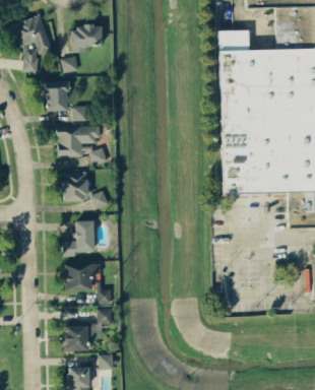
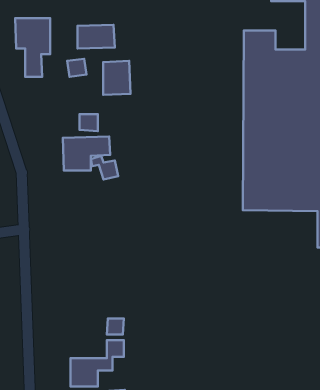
building: [45,80,69,111] -> [103,61,130,95]
building: [62,172,106,206] -> none
building: [61,220,96,256] -> none
building: [63,262,102,290] -> none

